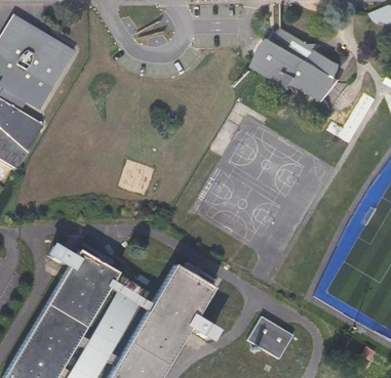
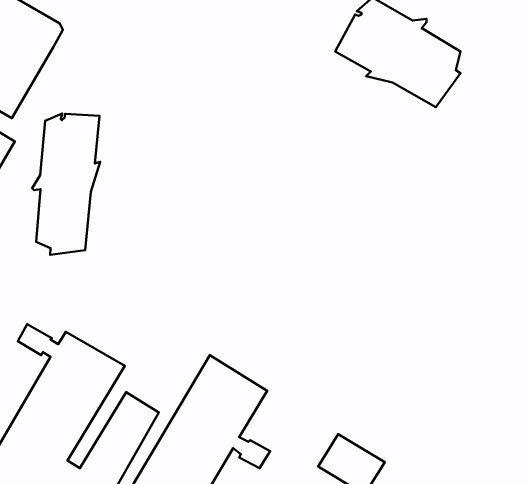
building: none -> [32,114,100,255]

